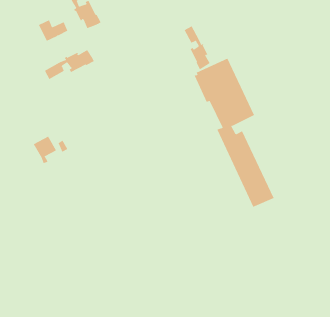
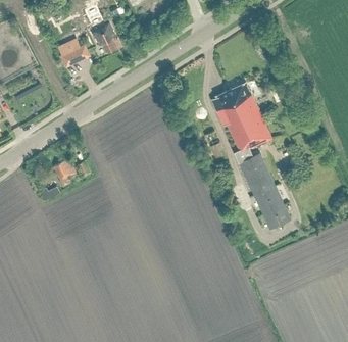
building: [184,25,210,70] -> none
building: [44,49,95,80] -> none

